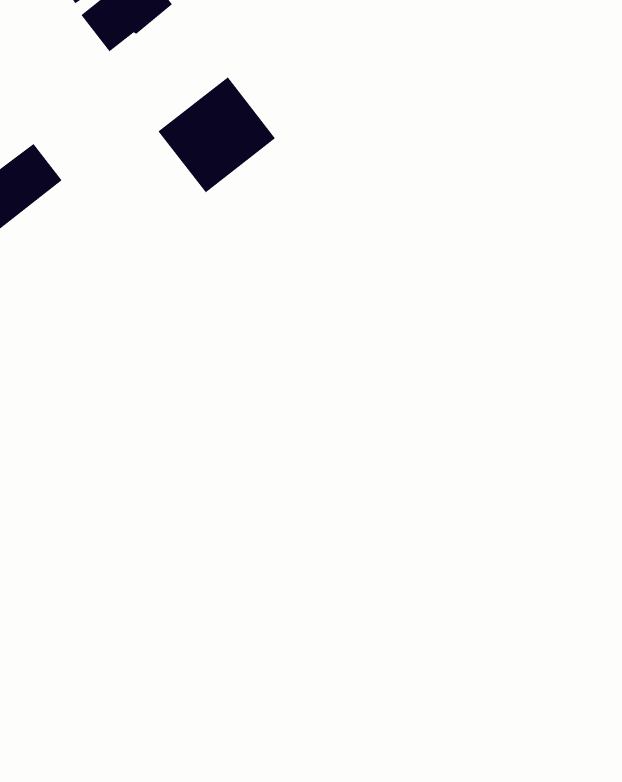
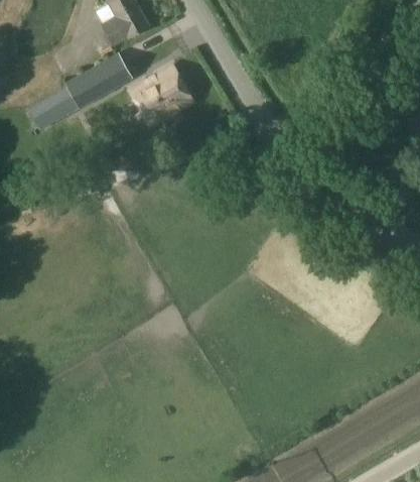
building: none -> [67,51,135,107]

